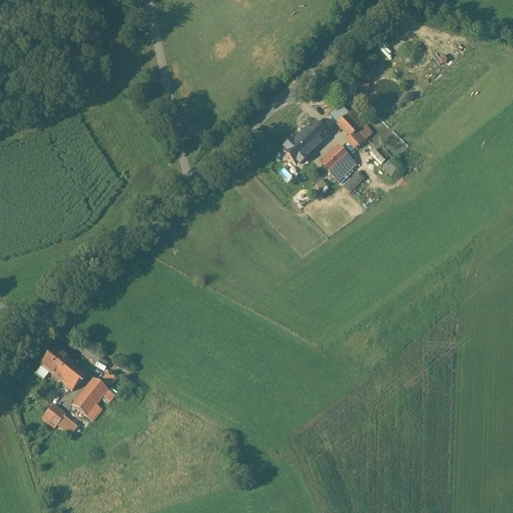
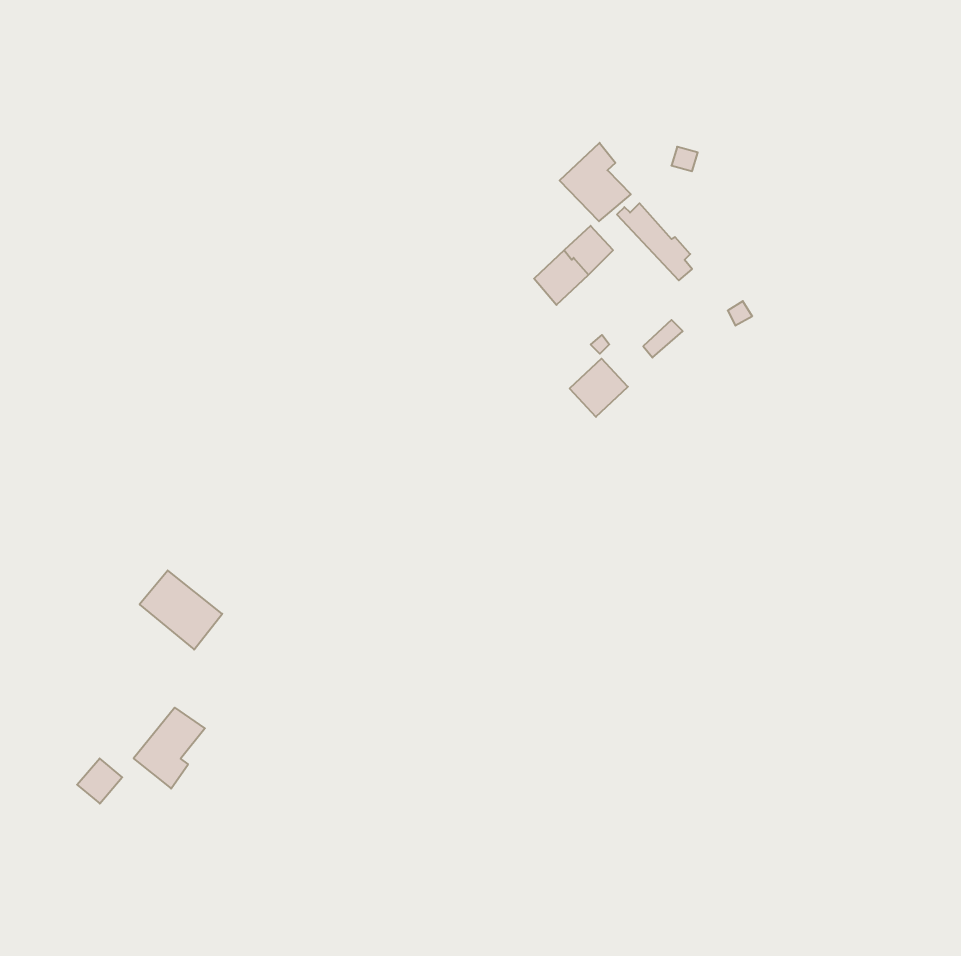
building: none -> [560,143,631,221]
building: [321,145,352,176] -> [570,359,628,417]
building: [42,348,86,390] -> [140,570,222,650]

